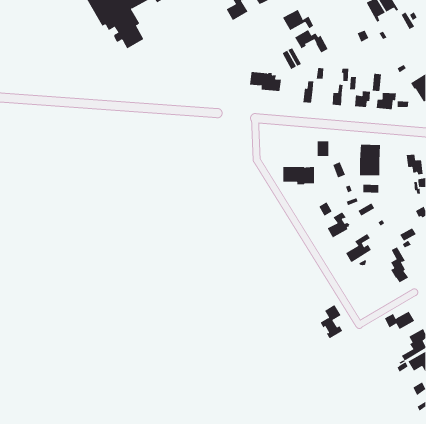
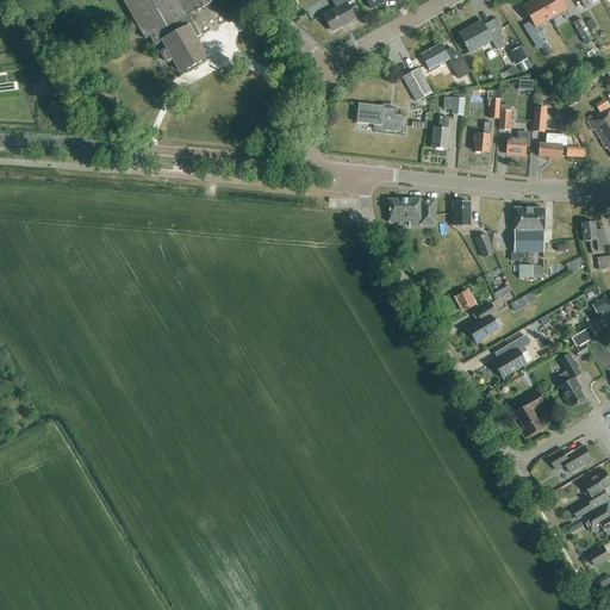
building: [282,9,314,31] -> [459,20,504,51]
building: [282,166,315,185] -> [388,198,435,224]
building: [320,304,343,339] -> [512,386,546,436]

